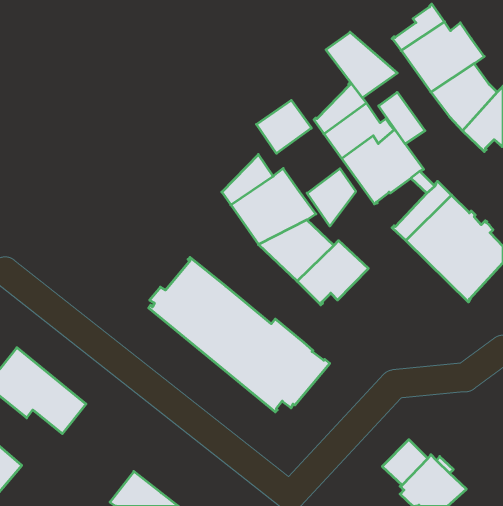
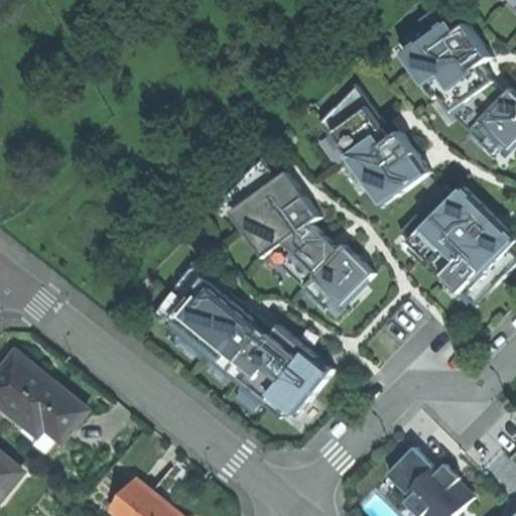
building: [326,32,397,98] -> none
building: [379,92,425,144] -> none
building: [256,100,311,153] -> none
building: [307,169,356,226] -> none

